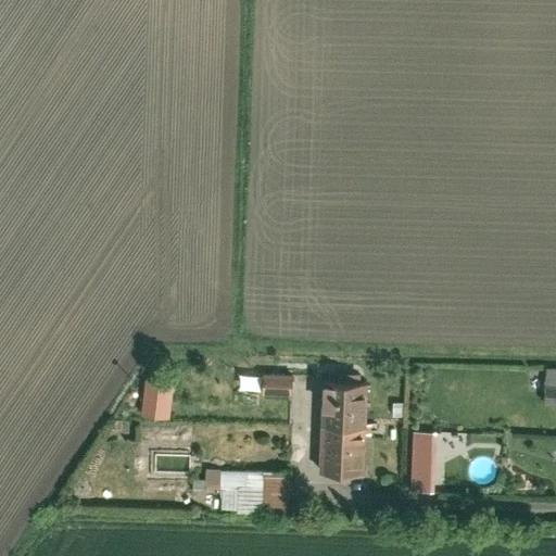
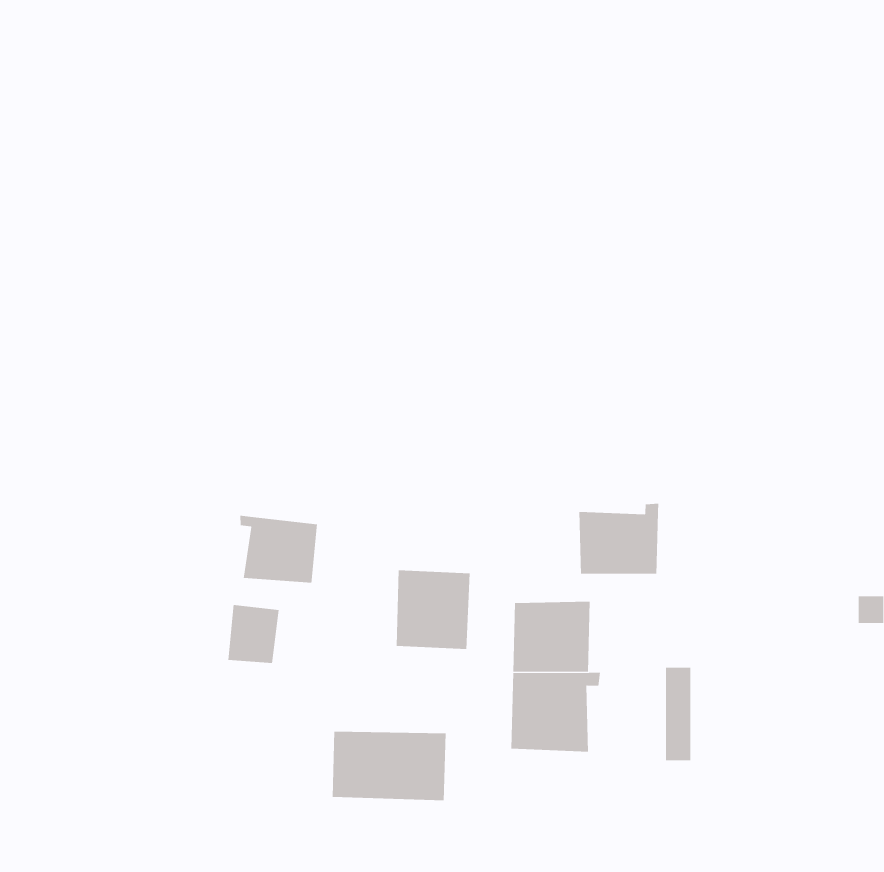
building: none -> [579,503,659,575]
building: none -> [240,515,318,584]

